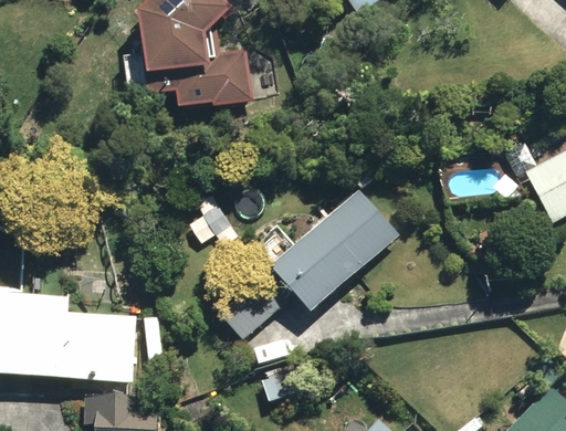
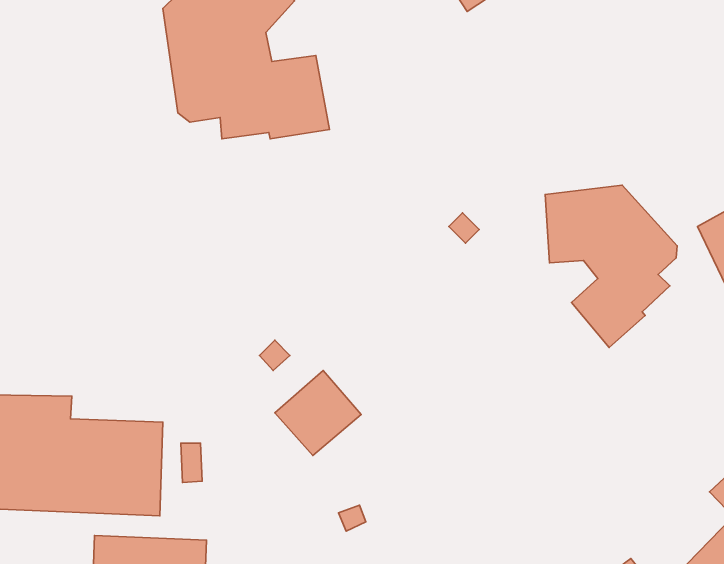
building: none -> [545,185,677,348]
building: [270,189,399,314] -> none

